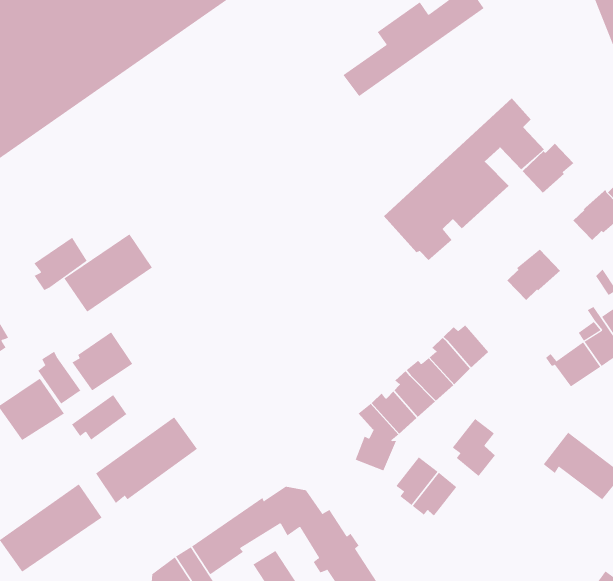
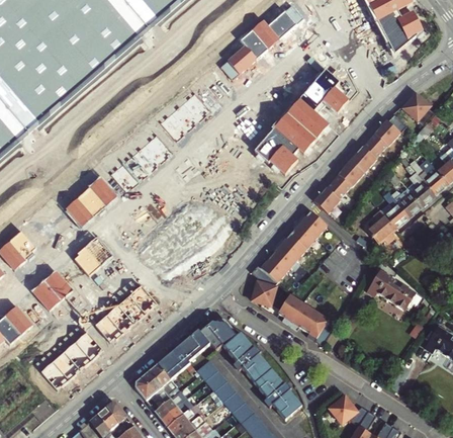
building: [522,143,574,193] -> [351,141,382,172]
building: [33,237,87,291] -> none
building: none -> [314,181,346,212]
building: [37,351,81,404] -> none
building: [71,394,127,440] -> none
building: [452,418,496,477] -> [303,310,331,345]

